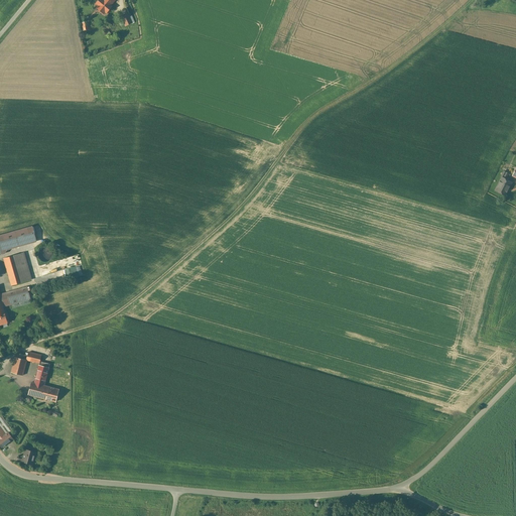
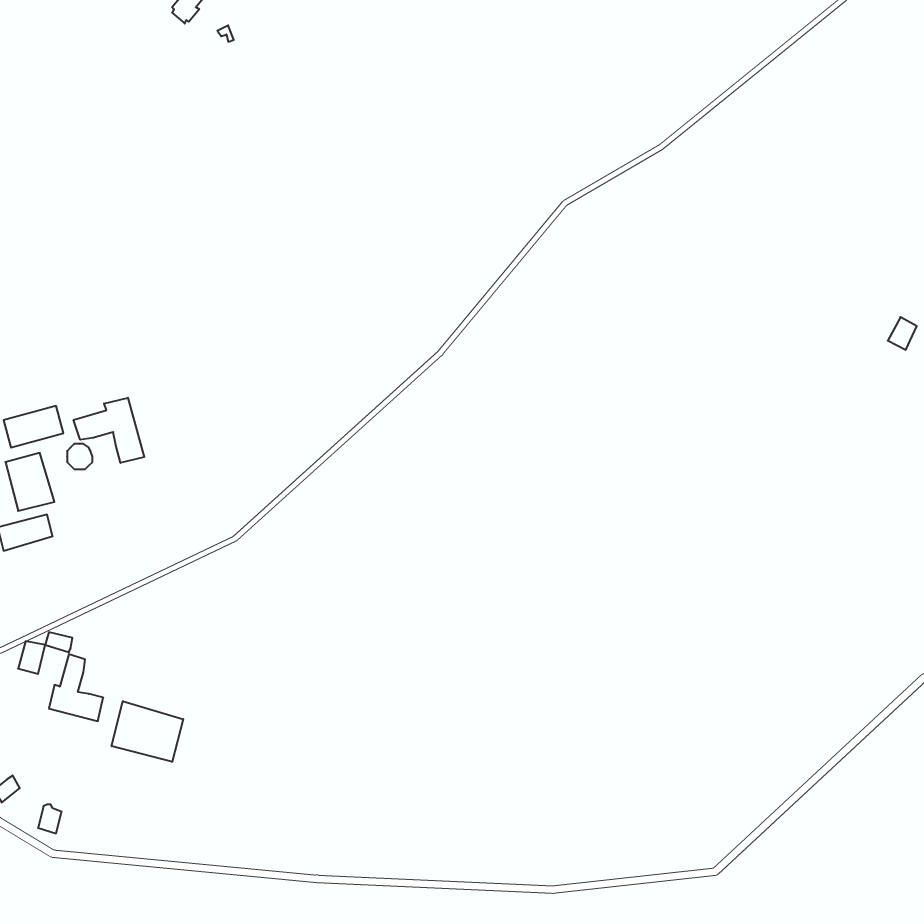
building: none -> [74,398,144,463]
building: none -> [112,701,183,762]

